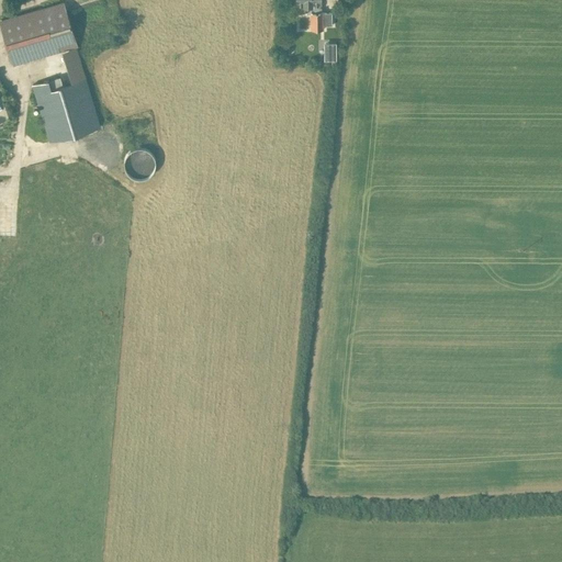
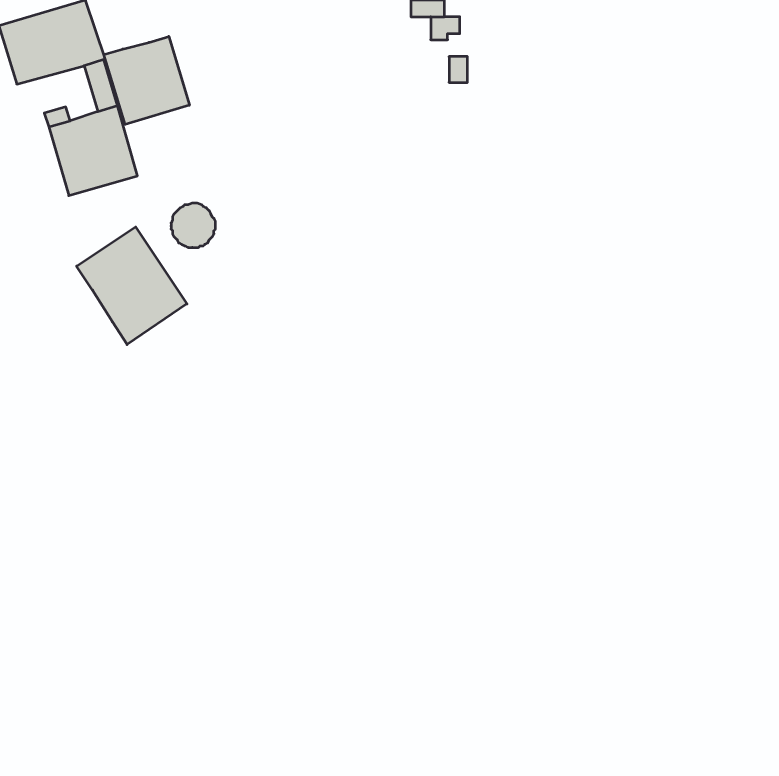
building: none -> [104,36,189,124]
building: none -> [77,227,187,345]

